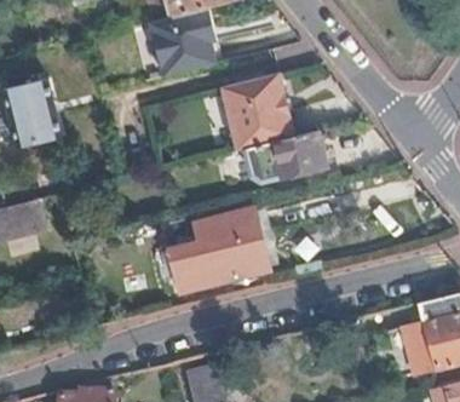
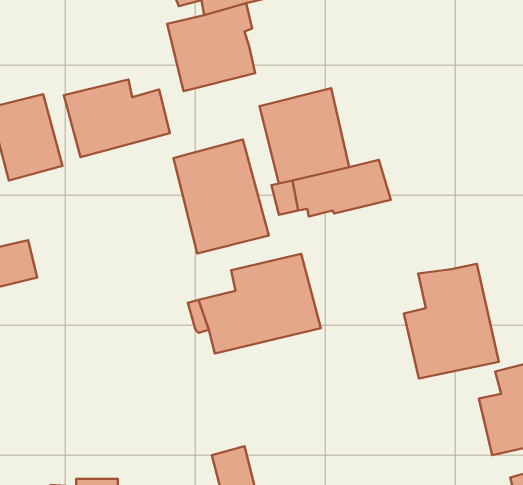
building: none -> [64,79,170,157]
building: none -> [173,139,269,253]
building: none -> [404,264,499,379]

